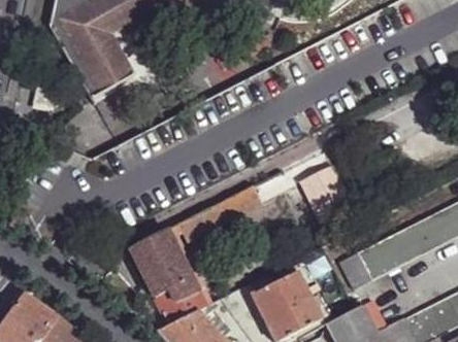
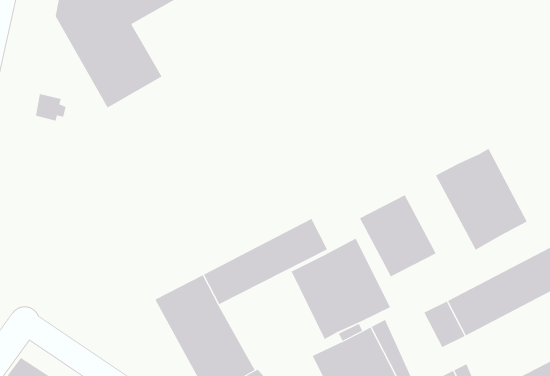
building: none -> [435,148,528,250]
building: none -> [291,238,391,340]

